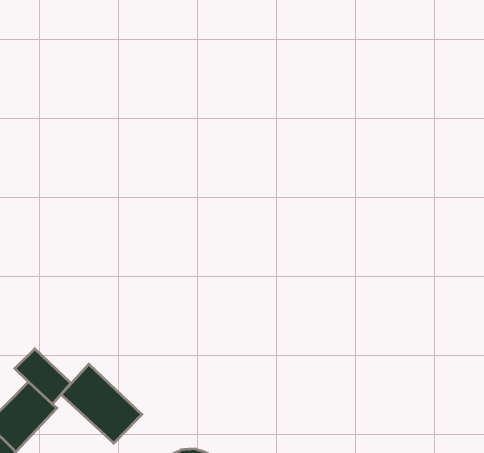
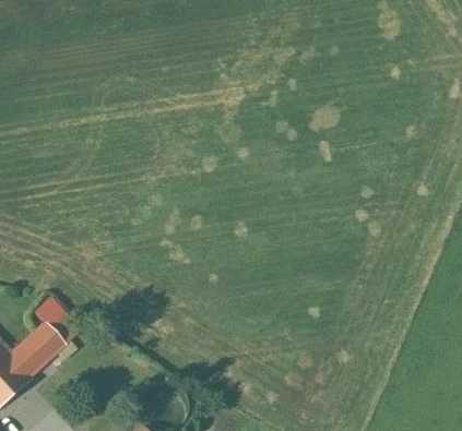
building: [61,364,142,443] -> none

